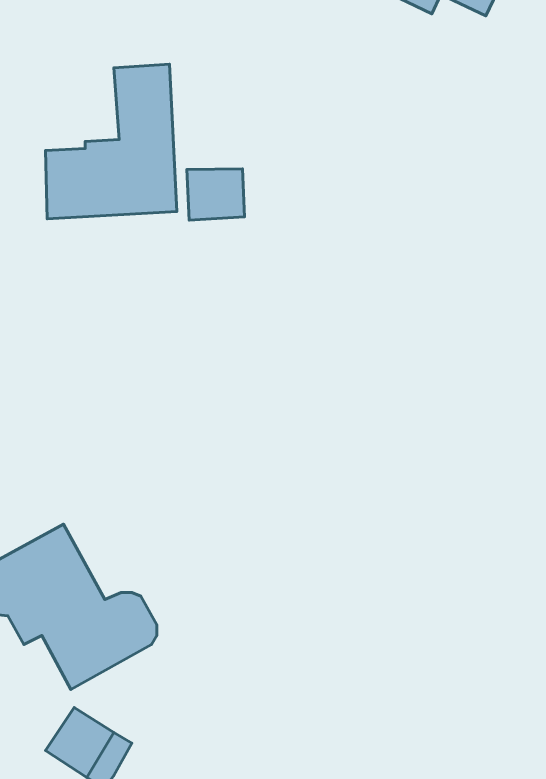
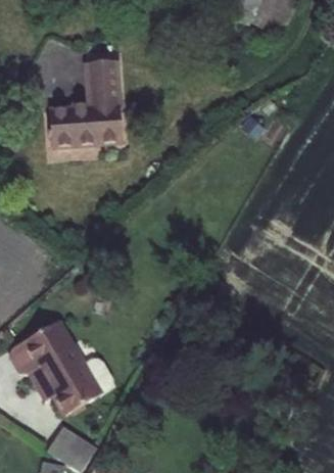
building: [187,169,244,220] -> none

